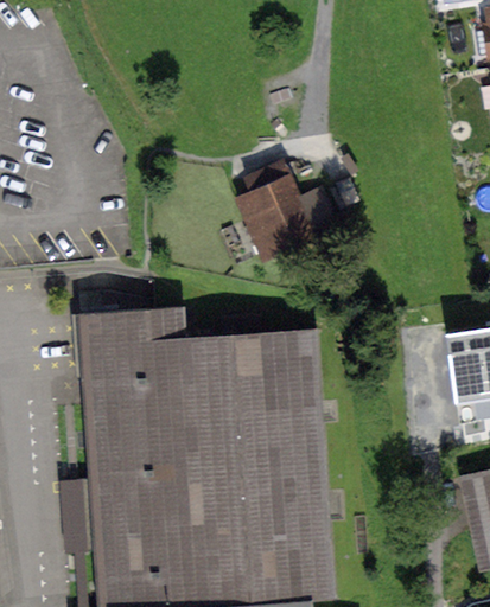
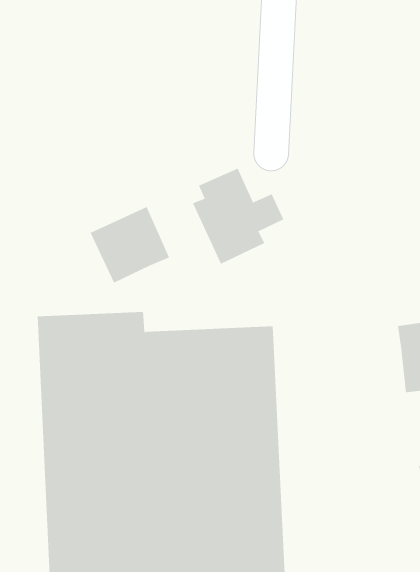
building: none -> [90,206,170,284]

